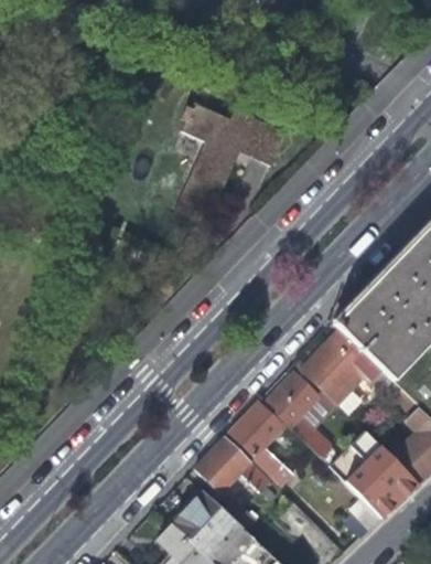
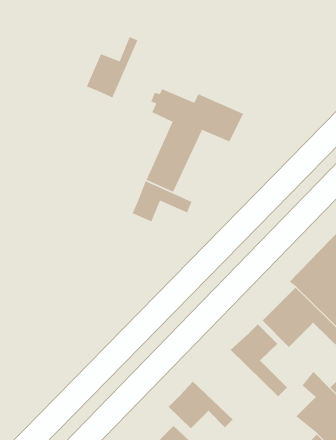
building: none -> [86,36,139,98]
building: none -> [132,180,193,222]
building: [229,403,294,487] -> none

